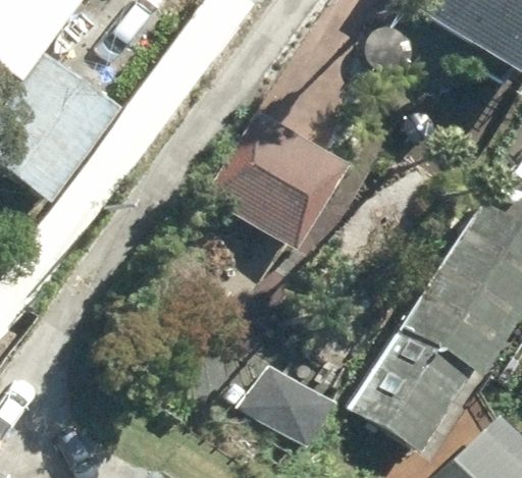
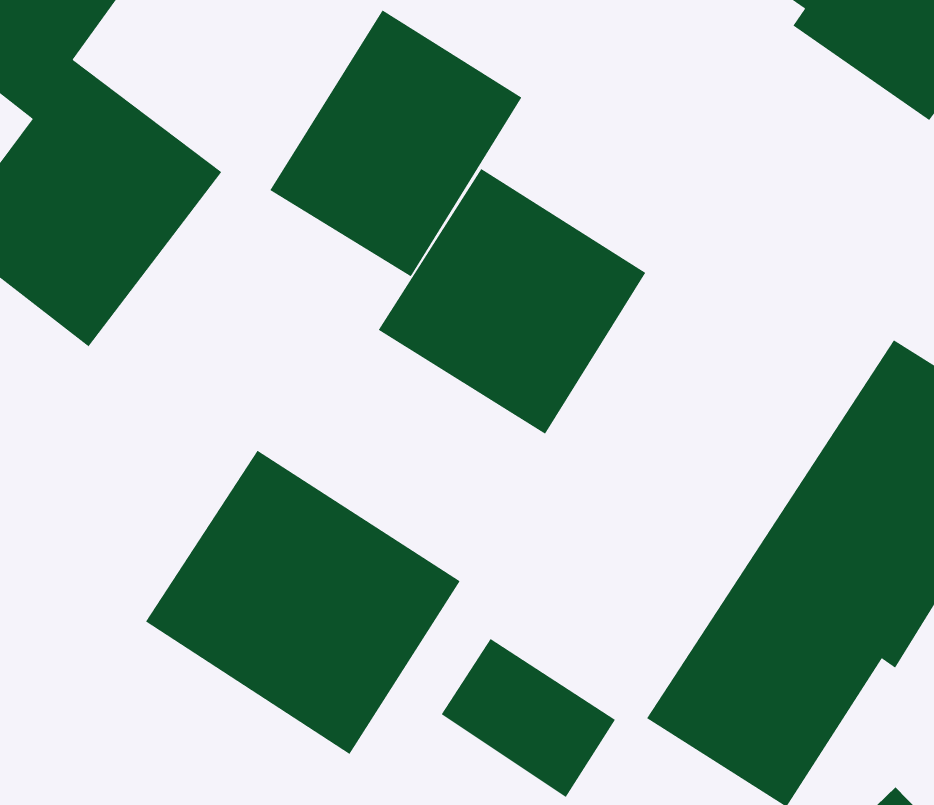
building: none -> [269,10,522,277]
building: none -> [145,450,461,755]

